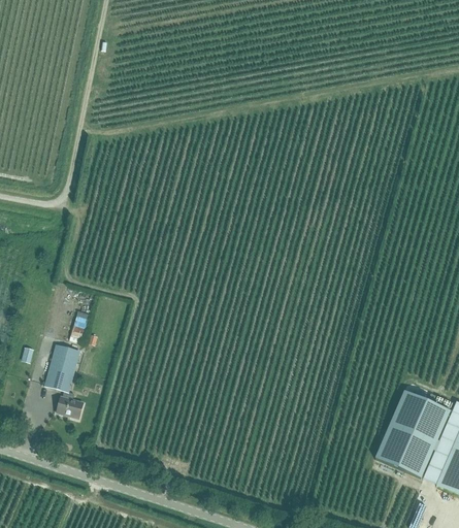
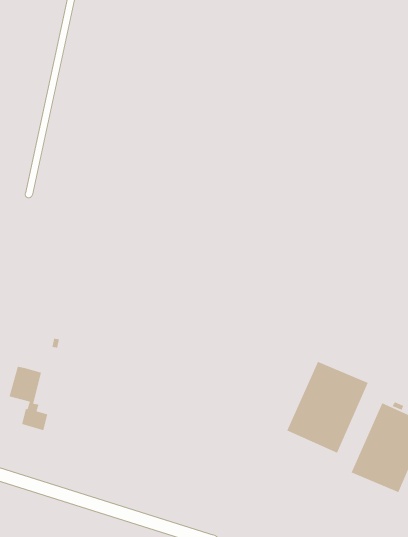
building: none -> [286,361,369,454]

